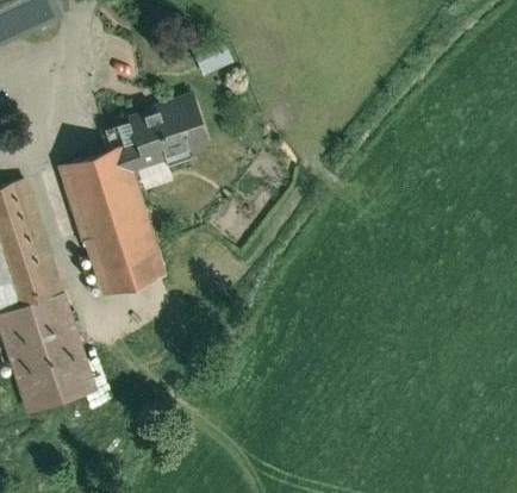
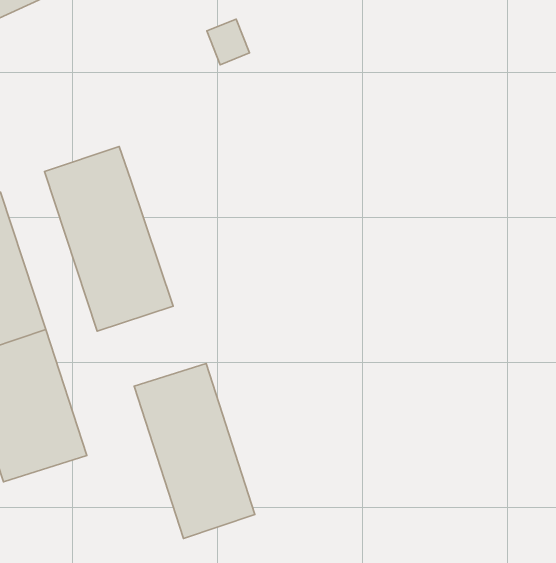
building: [114,94,208,170] -> none
building: none -> [134,364,255,539]

